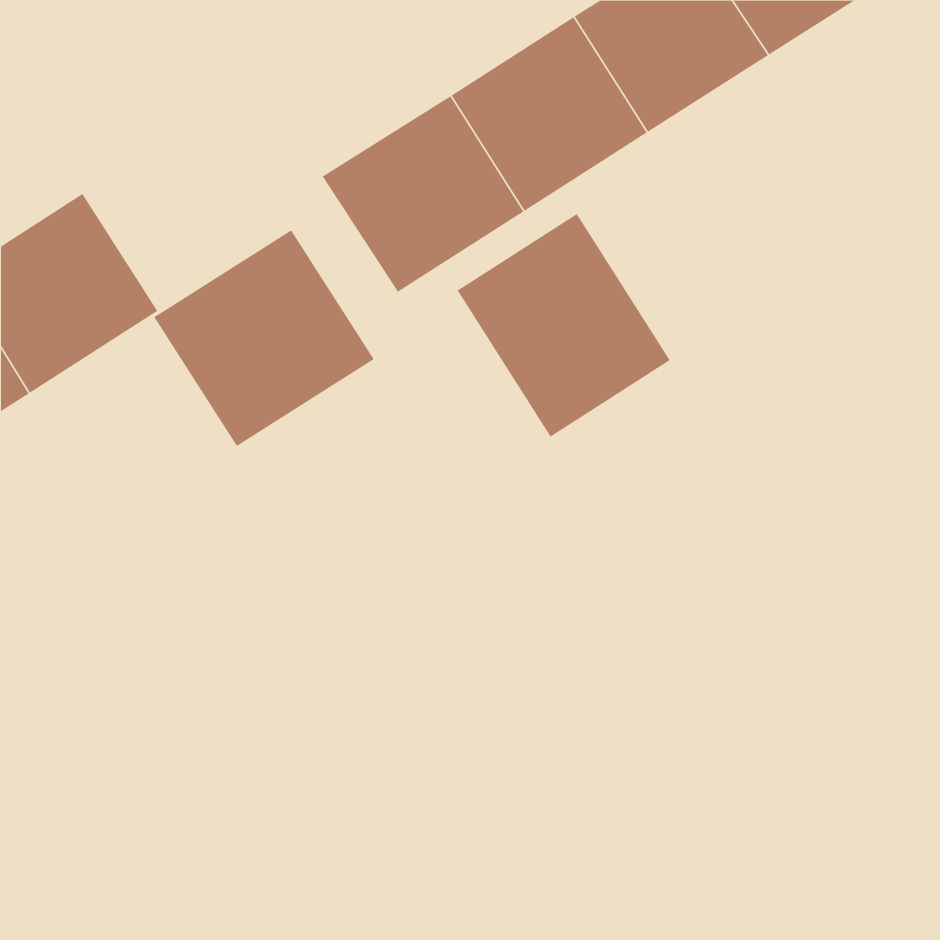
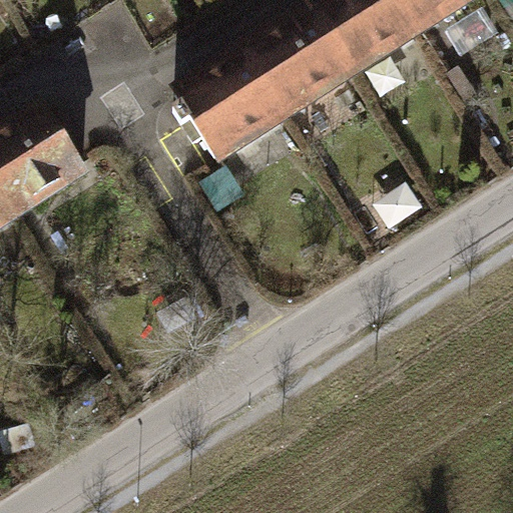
building: [457,213,670,438] -> none
building: [154,230,375,447] -> none

